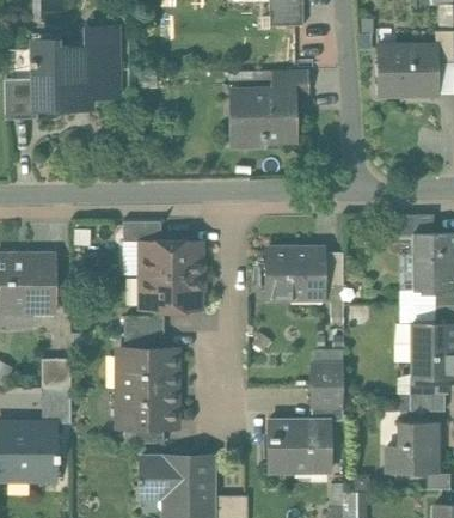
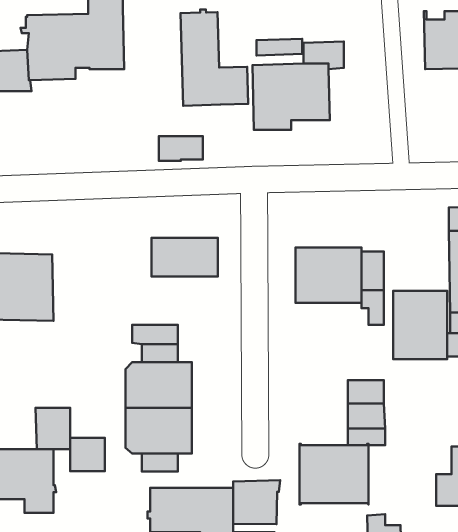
building: none -> [181,9,248,106]
building: [123,221,161,243] -> [159,136,203,161]
building: [142,275,200,309] -> none
building: none -> [393,291,447,359]
building: [42,360,72,389] -> [70,438,105,471]
building: none -> [233,480,280,524]

